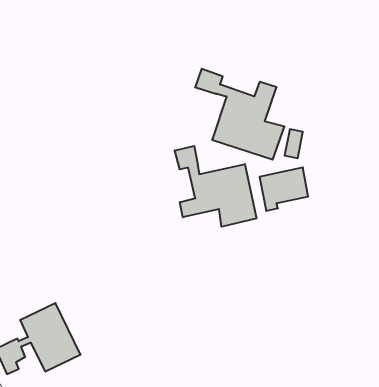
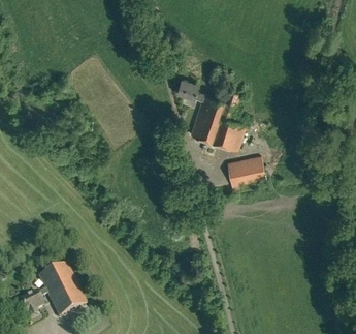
building: [175,146,256,227] -> none

